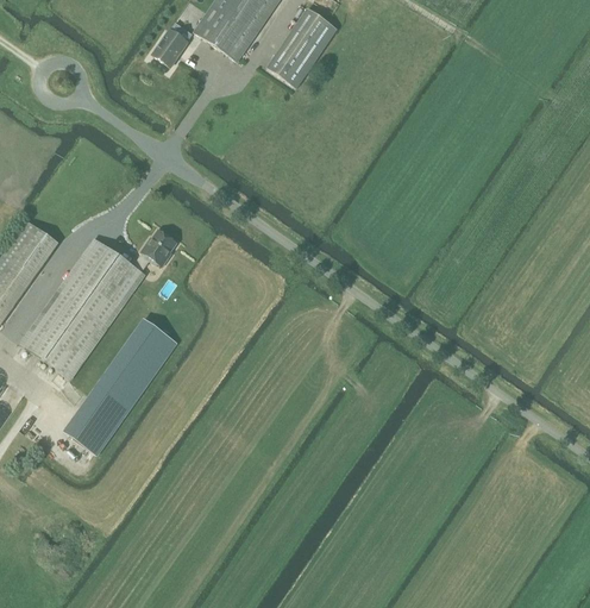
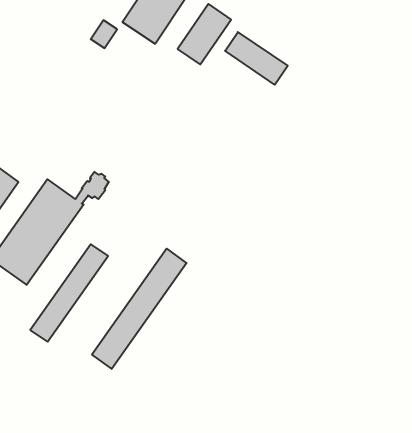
building: none -> [225,32,288,85]
building: none -> [92,249,187,369]

